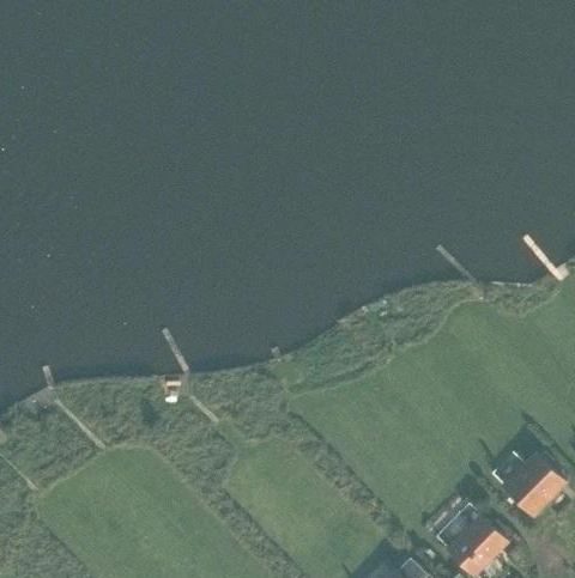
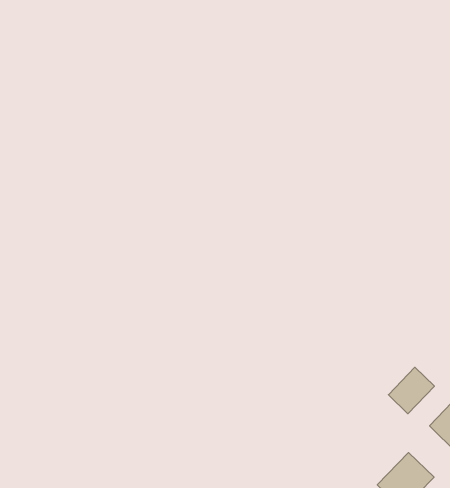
building: none -> [388,367,434,414]

